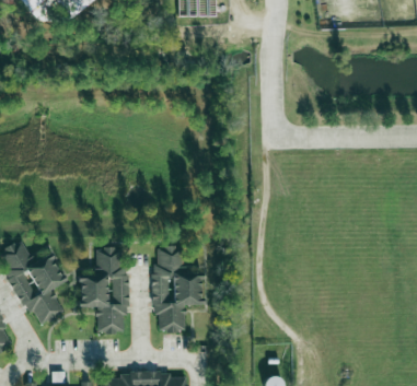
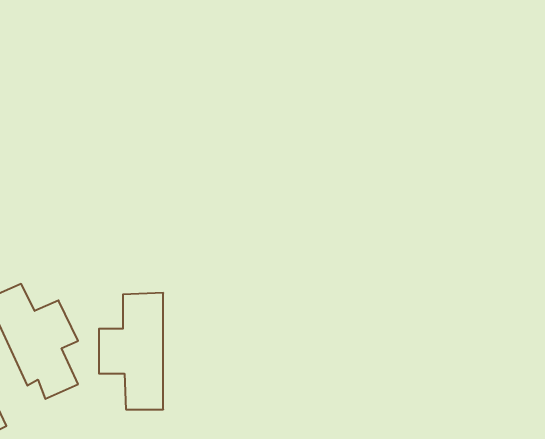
building: [155,246,202,331] -> none

